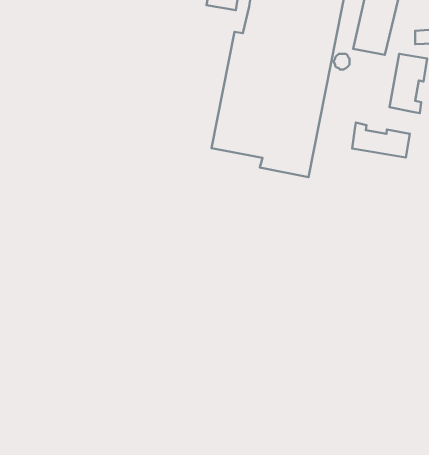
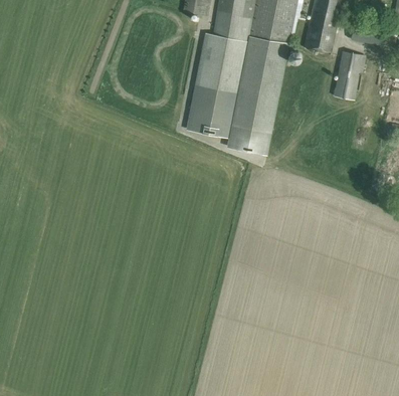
building: [352,123,410,157] -> none

